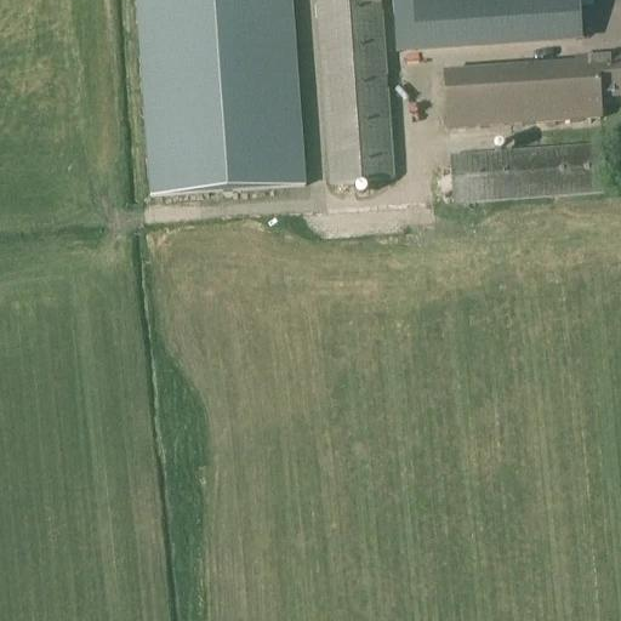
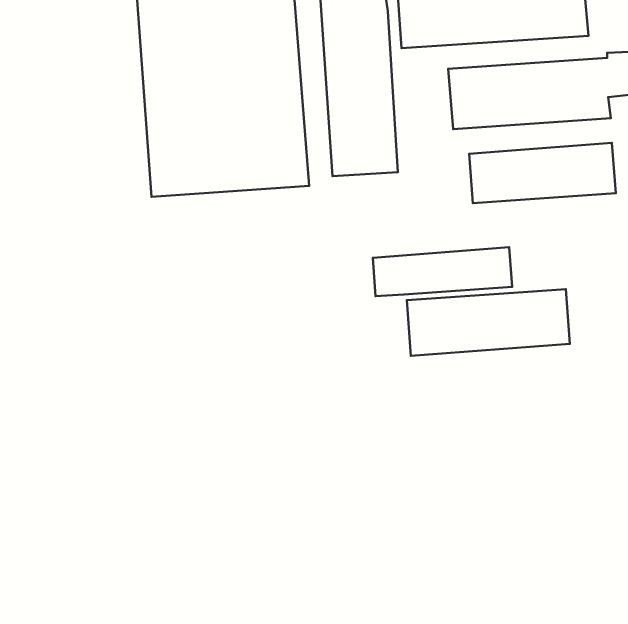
building: none -> [373,247,512,296]
building: none -> [407,289,570,356]

